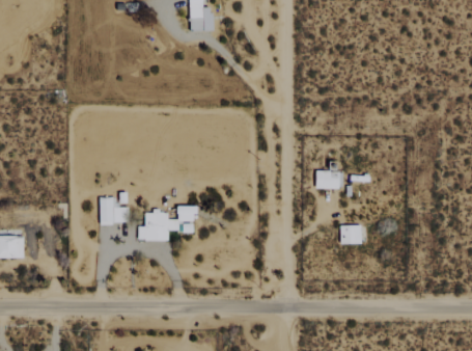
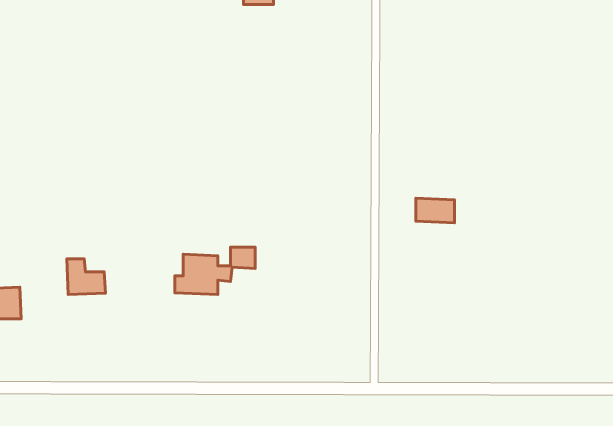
building: [102,197,130,223] -> [67,259,106,295]
building: [337,224,359,243] -> none

